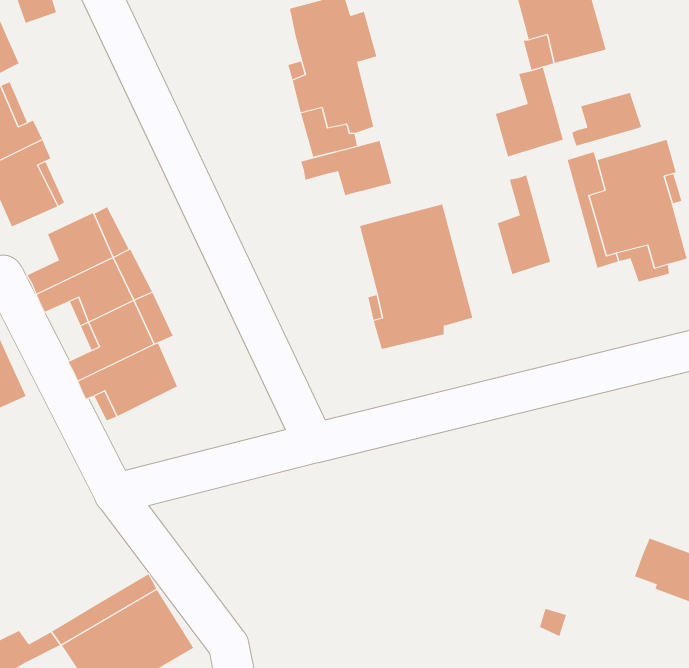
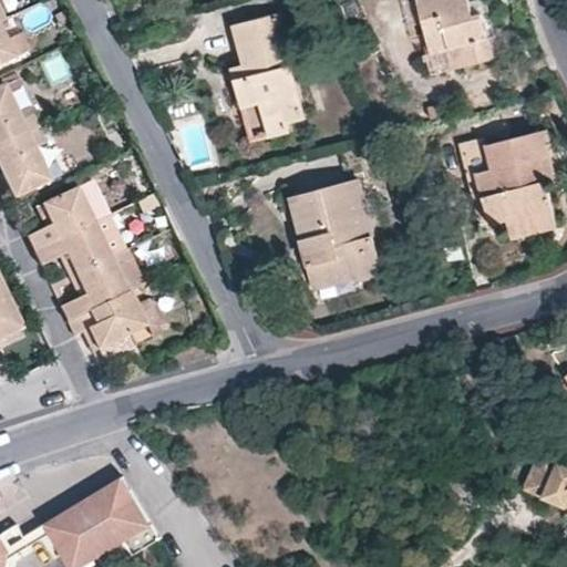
building: [495,67,564,158] -> none
building: [572,92,642,147] -> none
building: [301,140,392,196] -> none
building: [497,175,551,276] -> none

